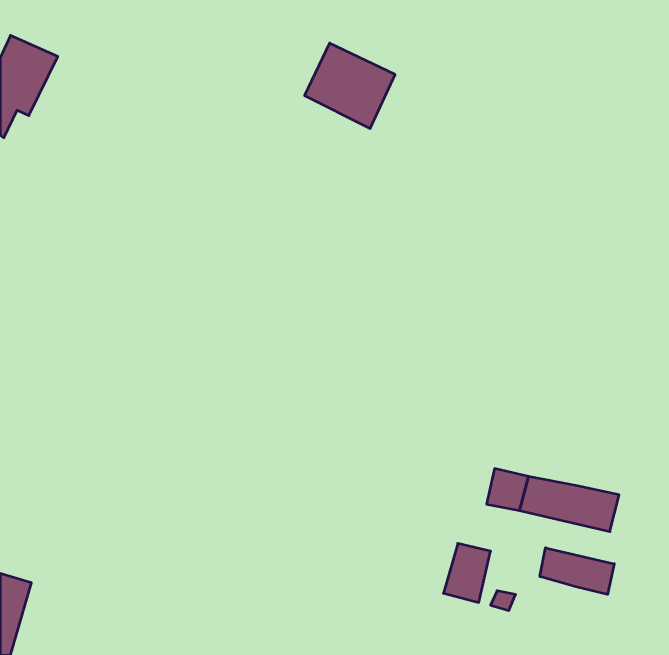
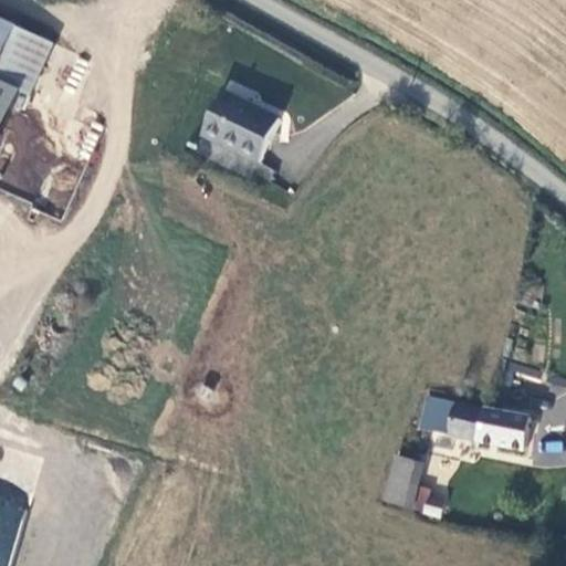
building: [305,43,395,128] -> [199,94,275,166]
building: [540,548,614,594] -> none

